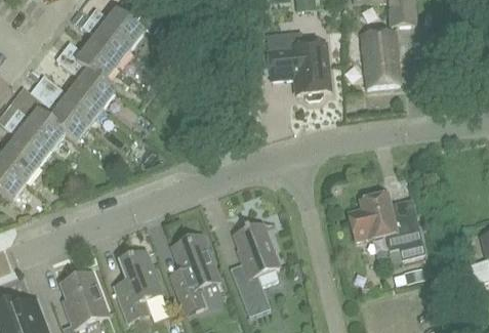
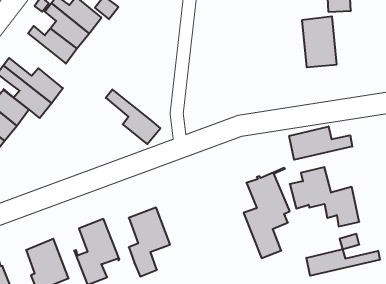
building: [268,32,330,97] -> none
building: [56,47,116,107] -> [106,89,160,144]
building: none -> [289,126,352,160]
building: [230,216,280,315] -> [244,168,290,258]
building: none -> [306,249,380,276]

